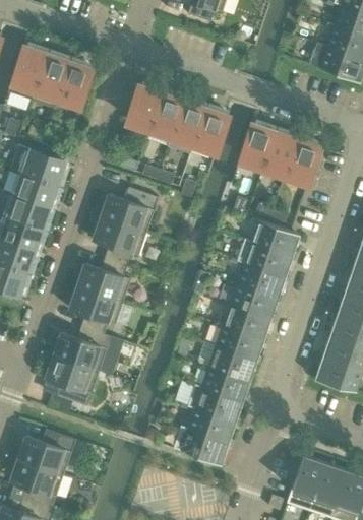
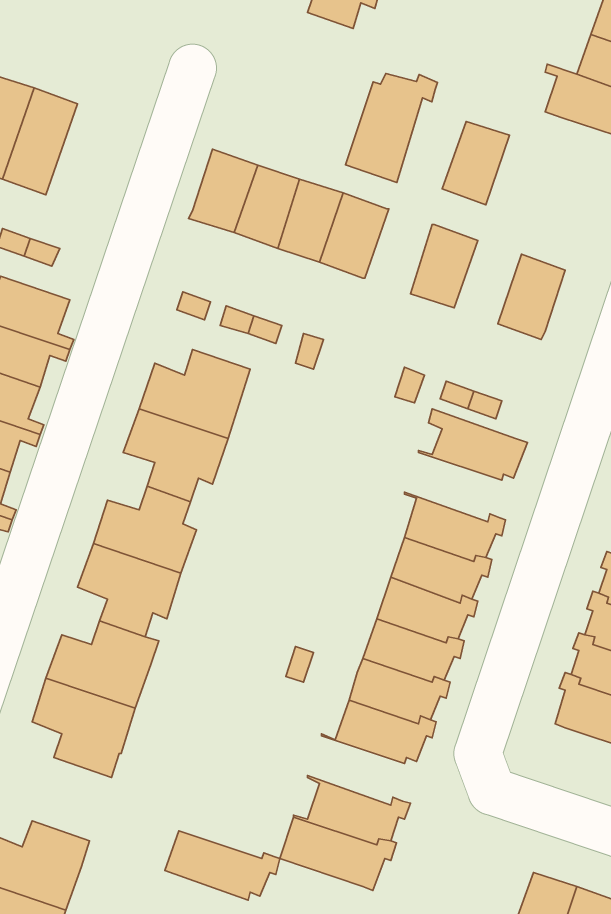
building: none -> [345,73,438,183]
building: [53,62,92,109] -> none
building: [262,132,297,175] -> [442,121,510,205]
building: [237,241,296,276] -> none
building: [187,386,246,421] -> [165,831,280,900]

